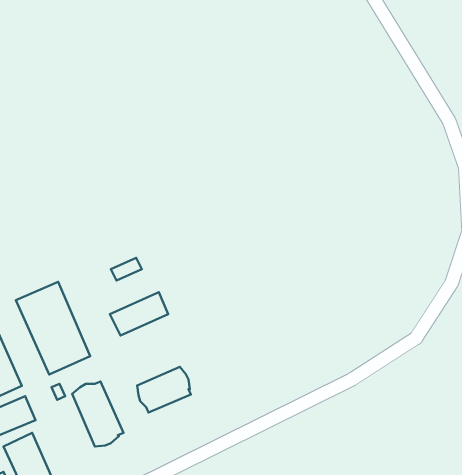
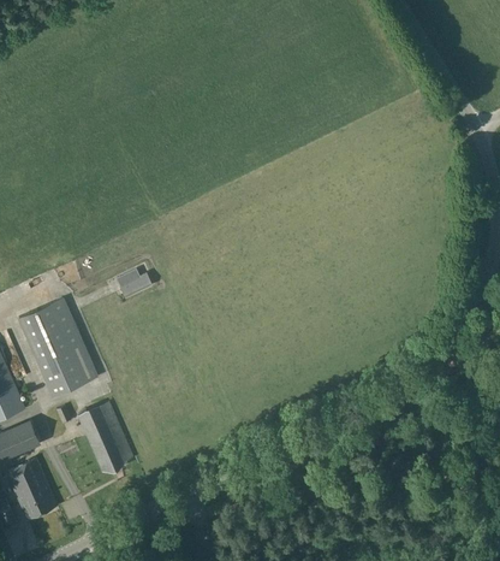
building: [110,292,168,335] -> none
building: [137,367,191,412] -> none

